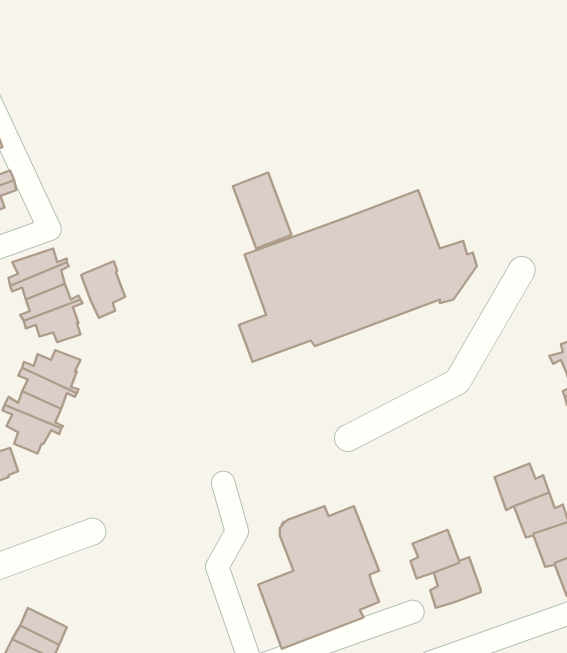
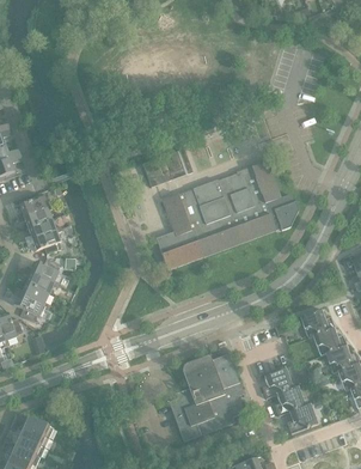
building: [81,261,125,318] -> none
building: none -> [300,309,335,337]
building: none -> [287,402,318,433]

